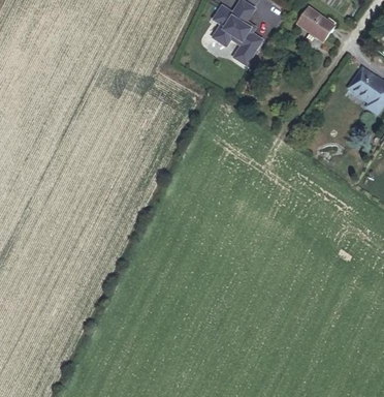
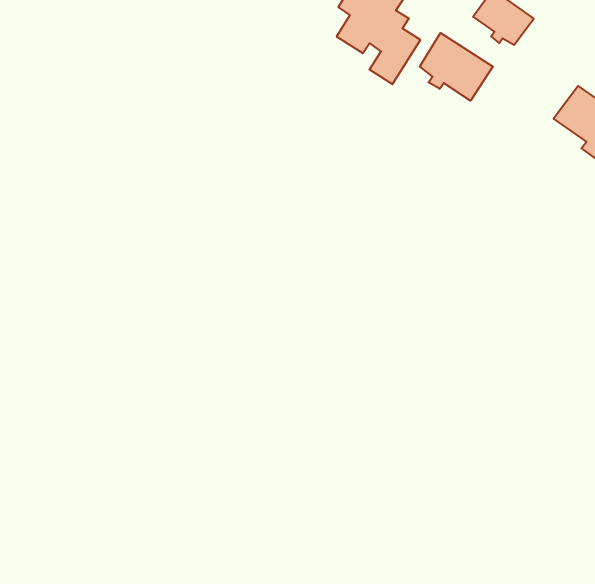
building: none -> [420,33,493,101]

